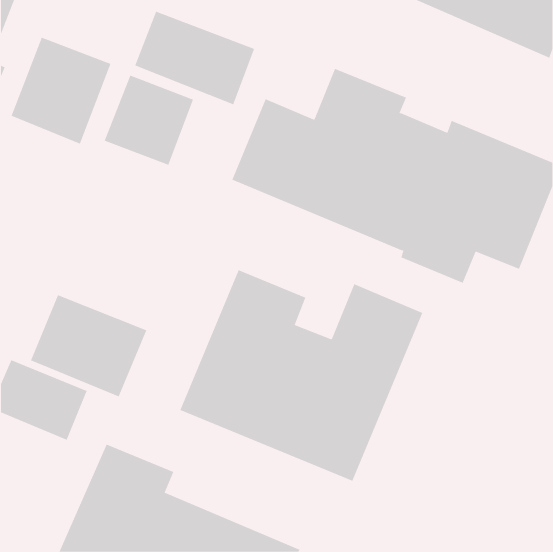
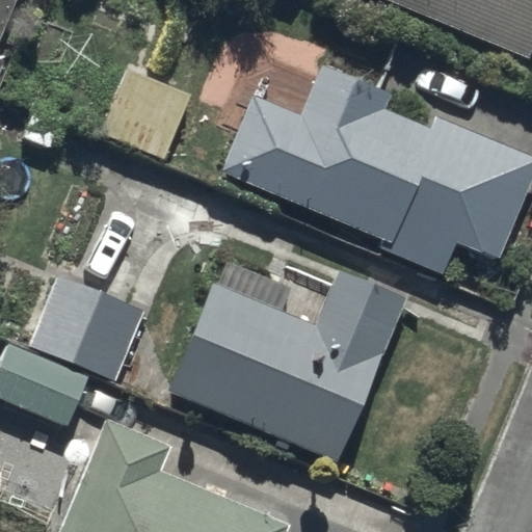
building: [134,11,255,105] -> none
building: [11,37,111,144] -> none

